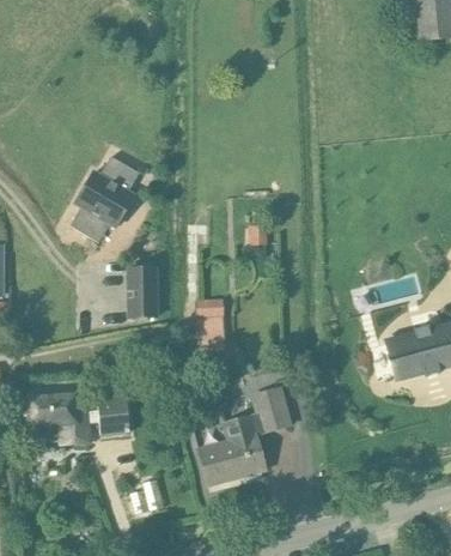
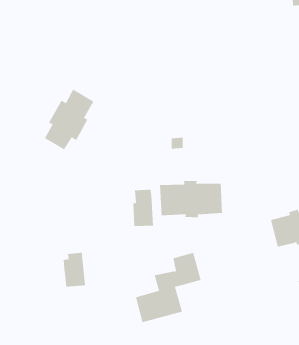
building: [128,268,158,316] -> none
building: none -> [159,180,222,218]
building: [28,394,99,443] -> none

